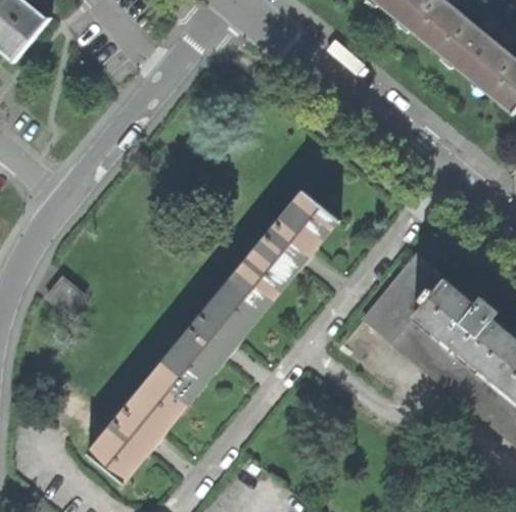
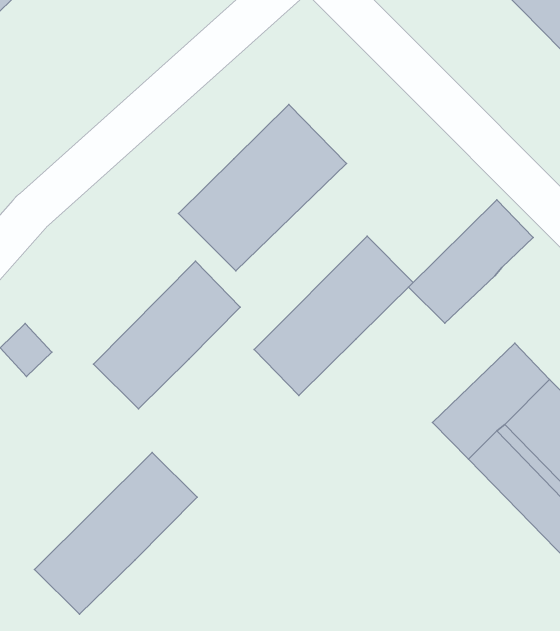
building: none -> [179,104,346,271]
building: none -> [409,200,533,323]
building: [163,278,265,388] -> [93,261,240,409]

